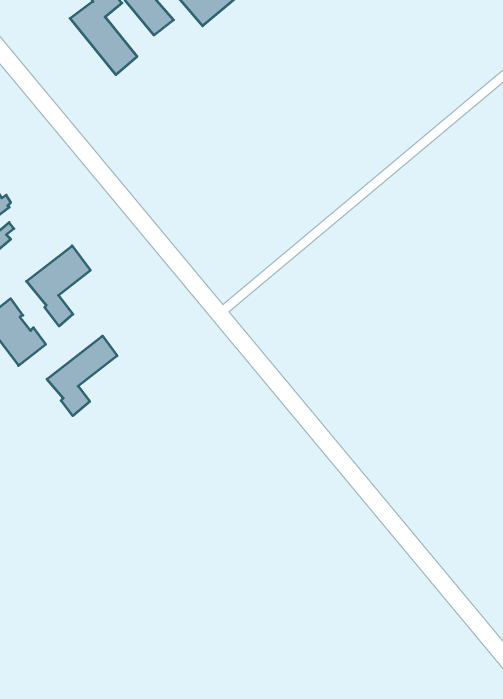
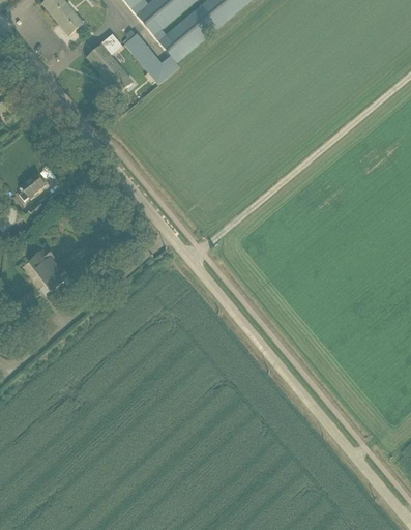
building: [26,246,90,326] -> none
building: [47,336,117,416] -> none

